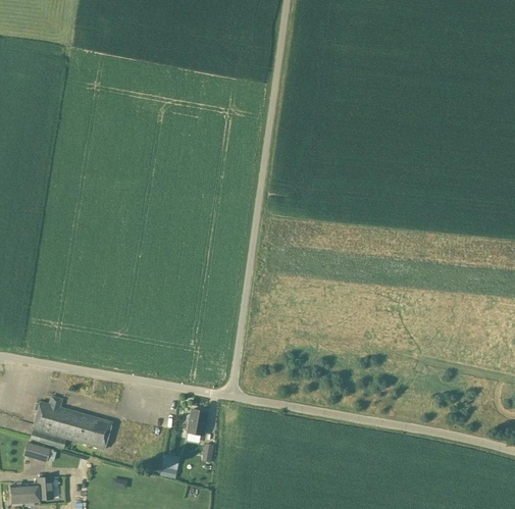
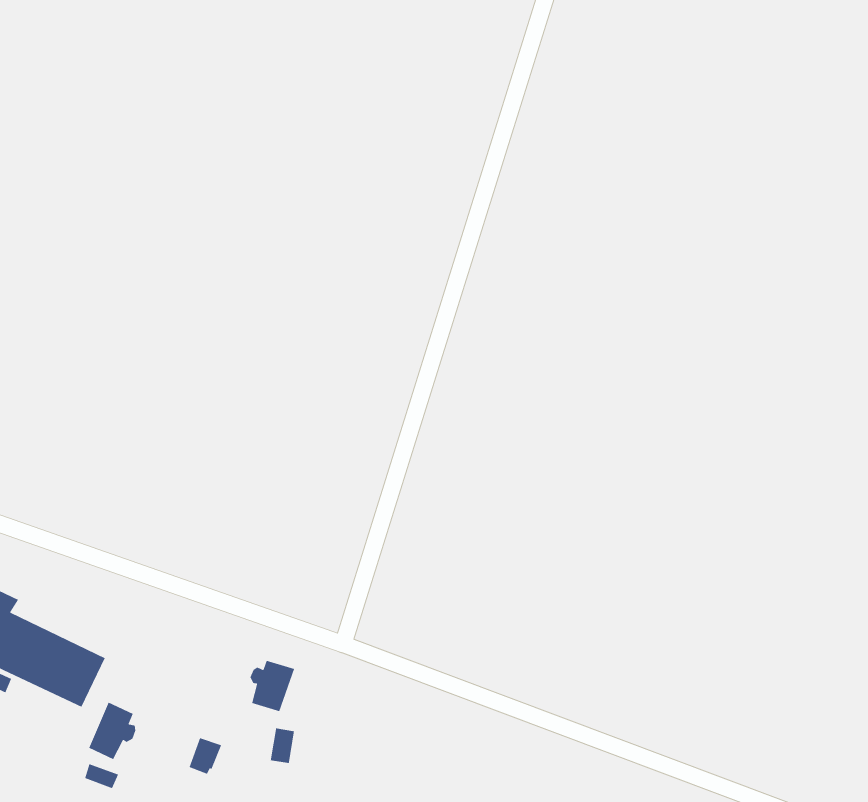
building: none -> [88,701,136,760]

